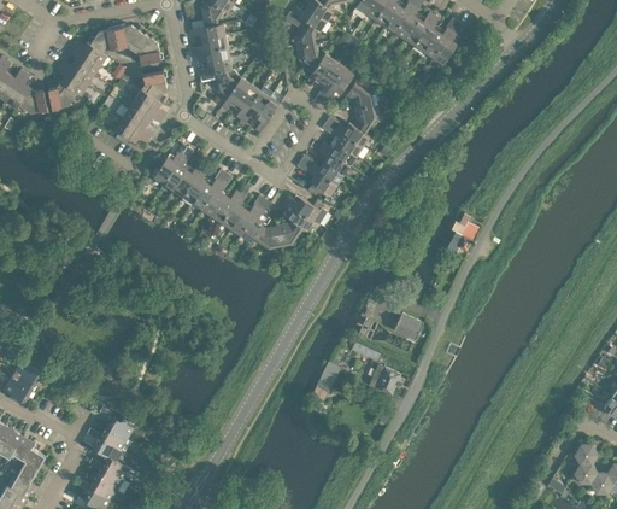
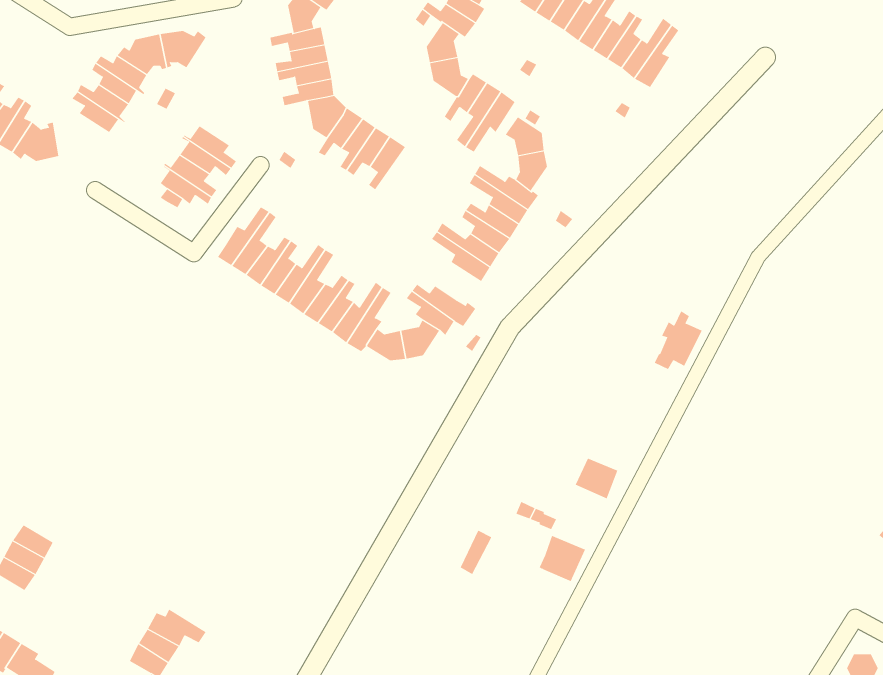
building: [133,30,160,64] -> none
building: [140,71,166,103] -> none
building: [47,81,81,109] -> none

